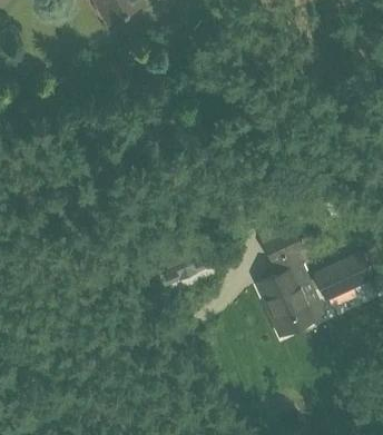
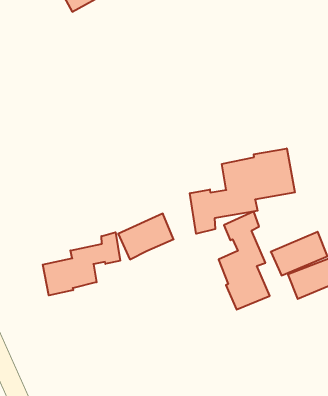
building: none -> [190,148,295,234]
building: none -> [43,232,120,295]

